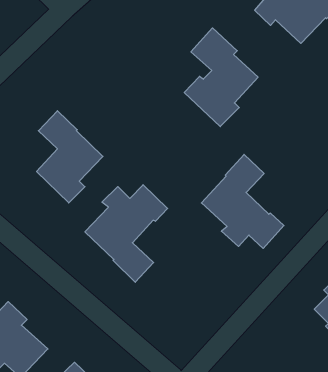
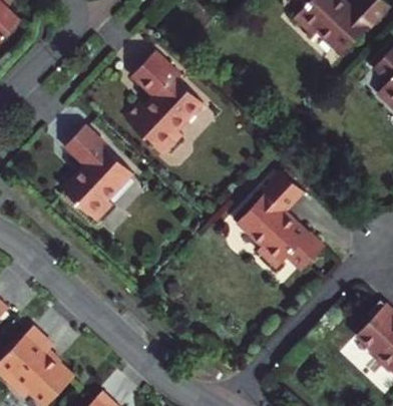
building: [184,28,258,127] -> [125,51,204,155]
building: [85,185,168,282] -> none

